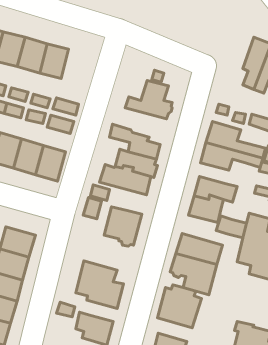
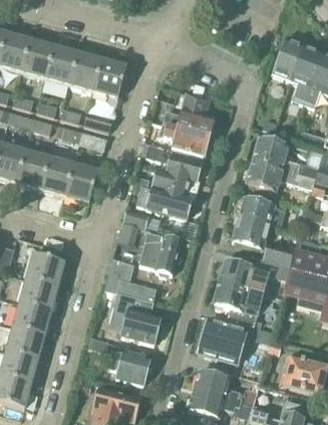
building: none -> [274,39,304,79]
building: none -> [93,58,127,97]
building: none -> [160,123,209,155]
building: none -> [105,257,157,298]

